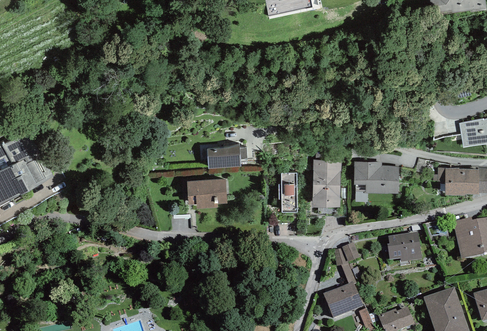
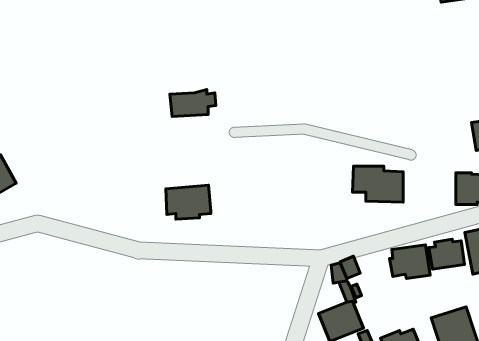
building: [206,144,247,168] -> [170,90,216,117]
building: [312,159,340,208] -> none
building: [281,172,297,212] -> none
building: none -> [429,239,464,269]

